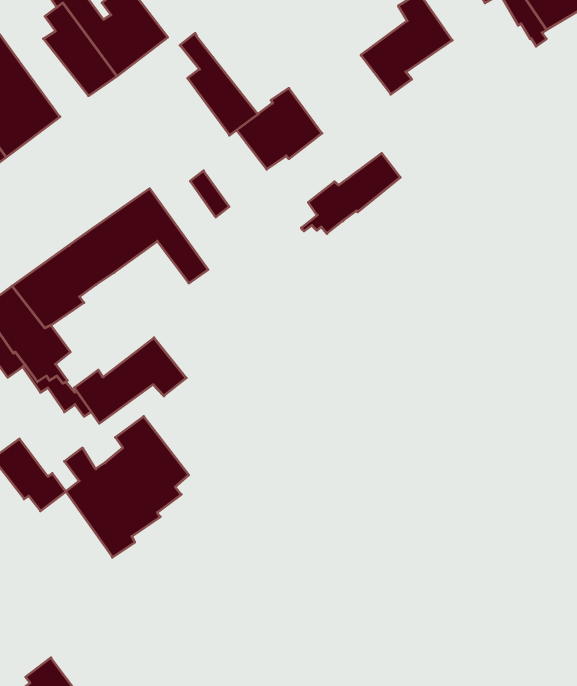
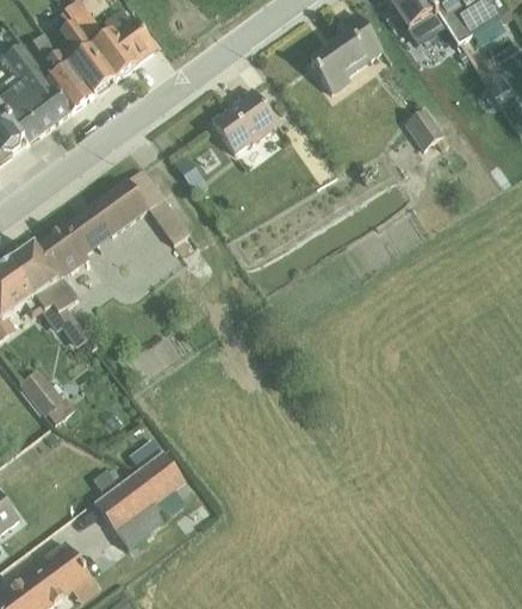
building: [180,33,258,135] -> [31,30,93,111]
building: none -> [404,107,448,149]
building: [301,153,400,234] -> none
building: [74,338,186,423] -> none
building: [64,416,189,557] -> [92,442,191,554]

